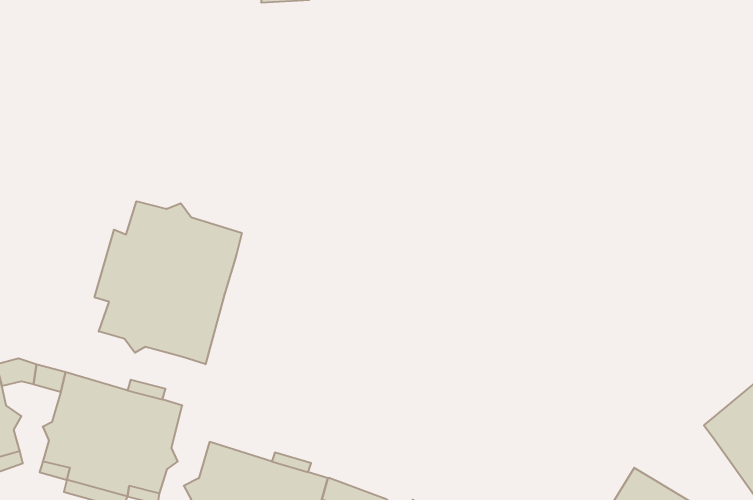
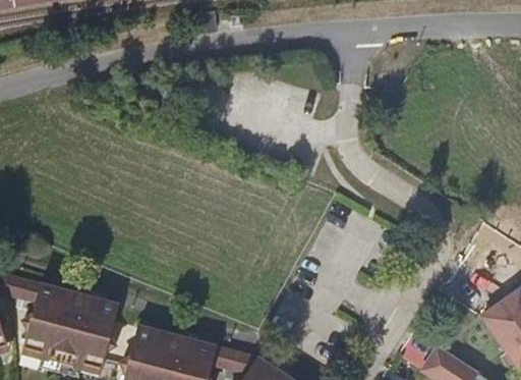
building: [95,201,242,364] -> none

